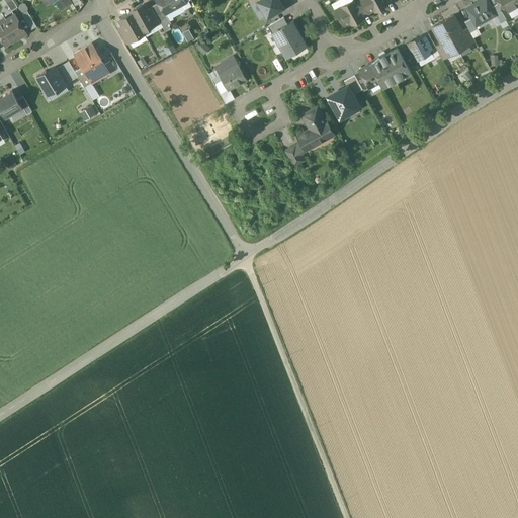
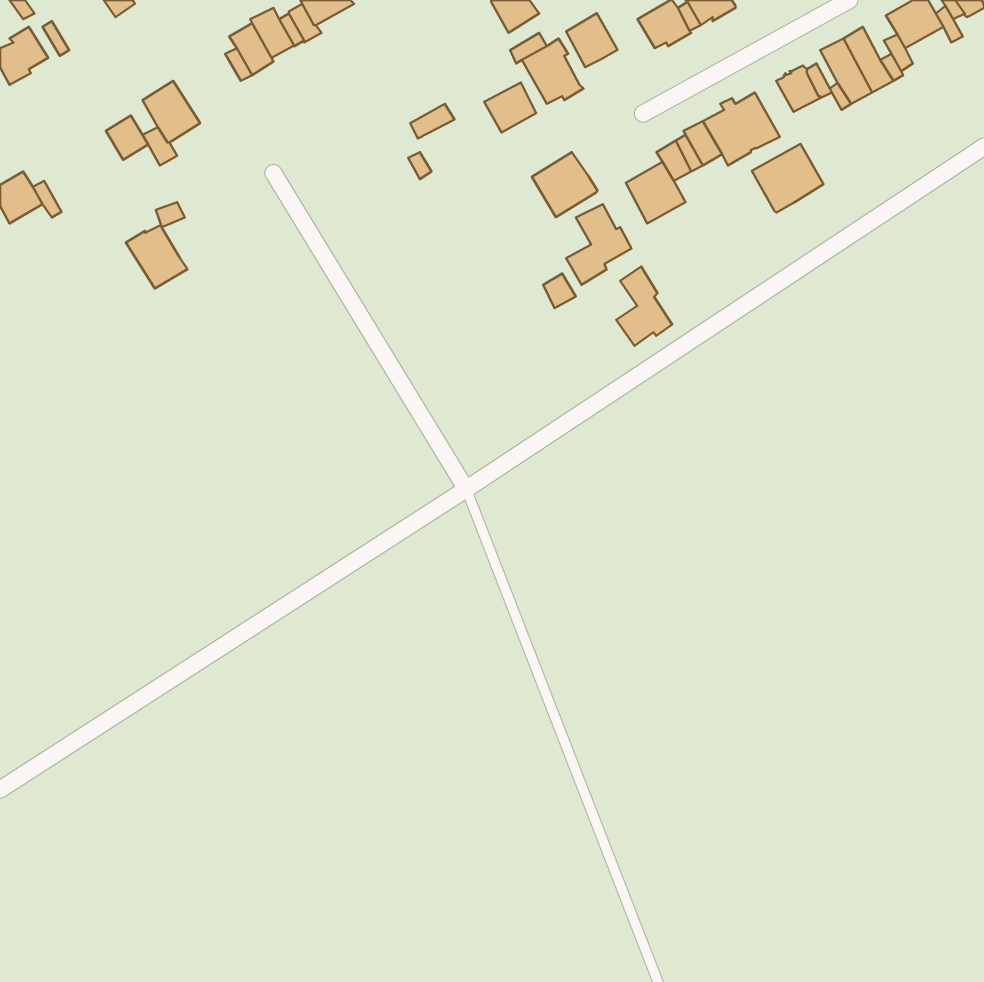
building: none -> [566,13,617,67]
building: [220,64,247,90] -> [484,82,536,133]
building: [36,68,69,101] -> [126,225,188,289]
building: none -> [752,144,823,213]
building: none -> [532,152,597,217]
building: none -> [616,267,672,346]

